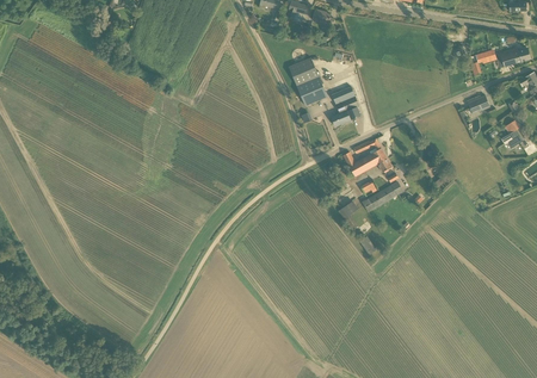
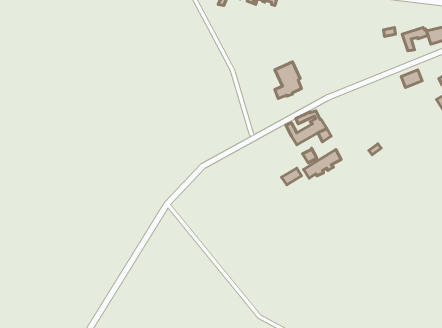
building: [288,56,327,105] -> none

